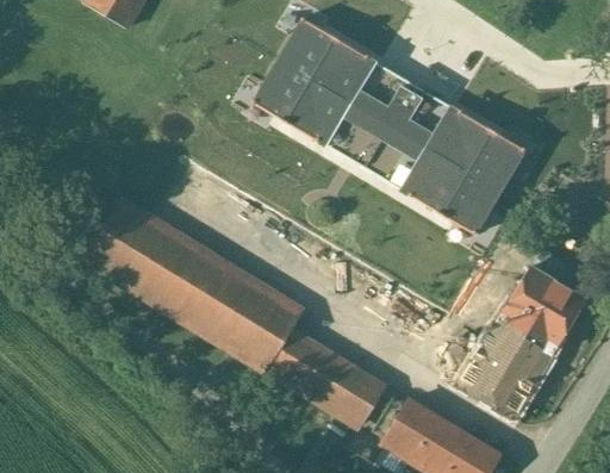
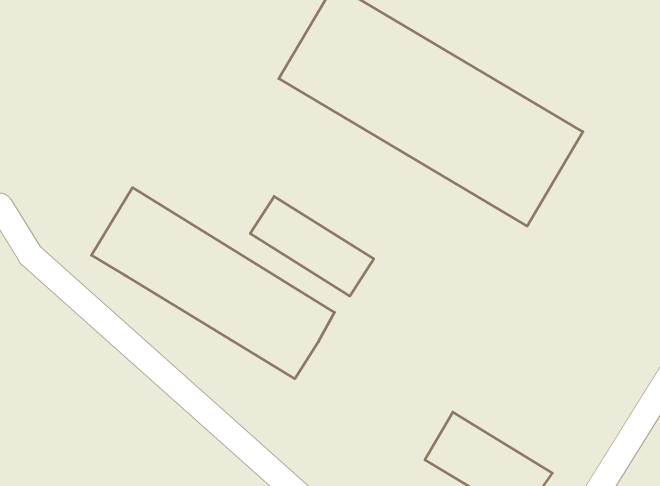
building: [459,250,586,418] -> none
building: [268,337,379,427] -> [250,196,374,296]

